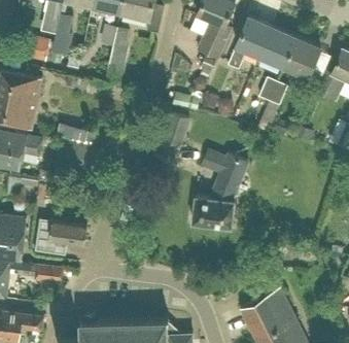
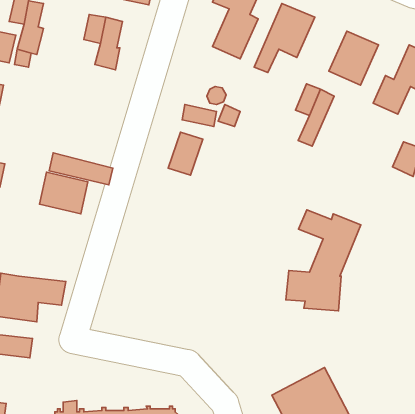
building: [258,28,295,68] -> none
building: [191,150,247,226] -> [286,210,361,311]

